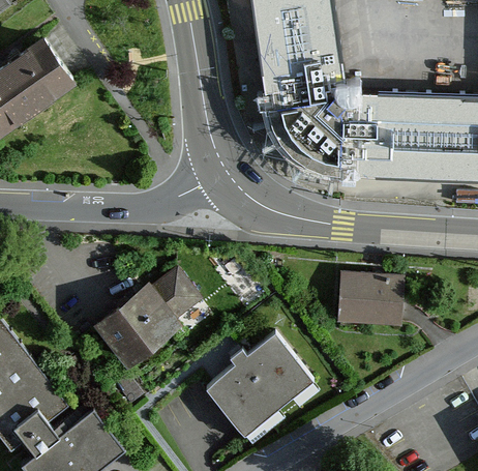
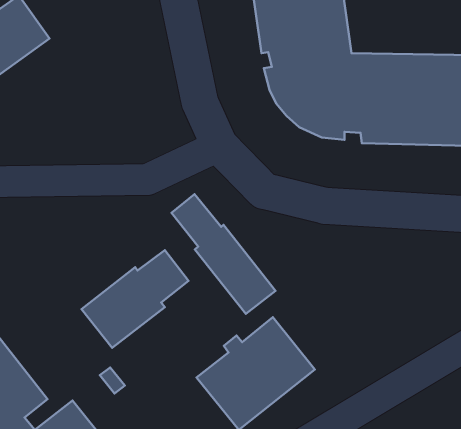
building: none -> [171,194,276,314]
building: [338,276,401,330] -> none

